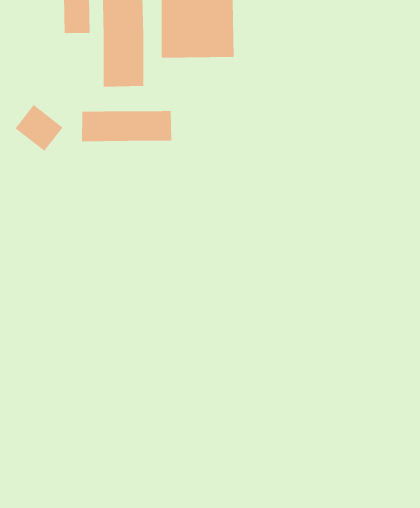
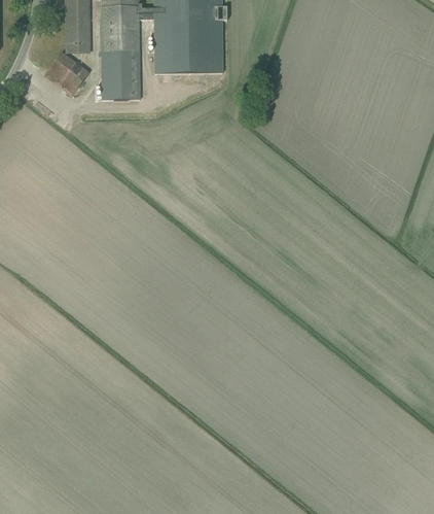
building: [14,104,63,152] -> [44,52,89,96]
building: [81,110,172,142] -> none

